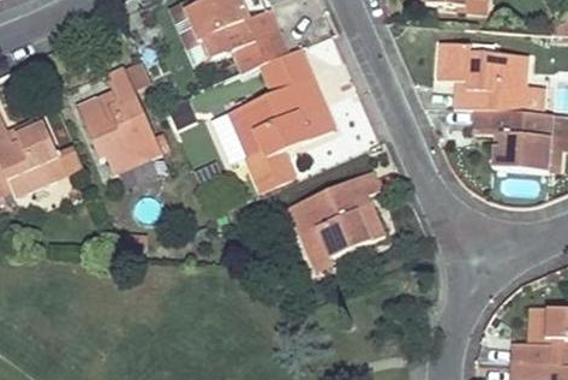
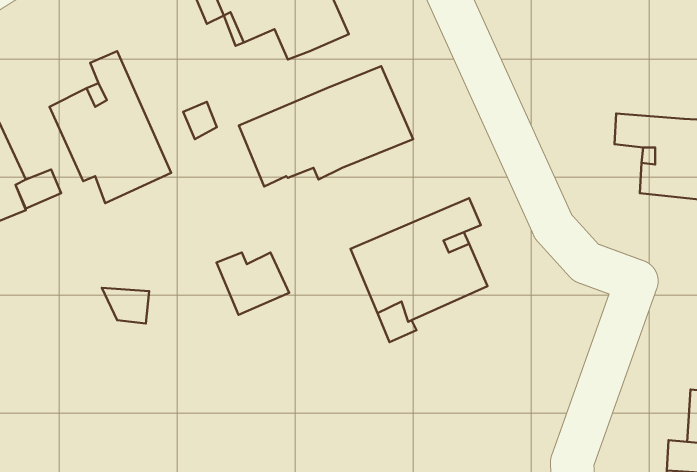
building: [438,41,530,113] -> none
building: [261,48,311,91] -> none
building: [245,148,297,192] -> [216,252,289,315]

